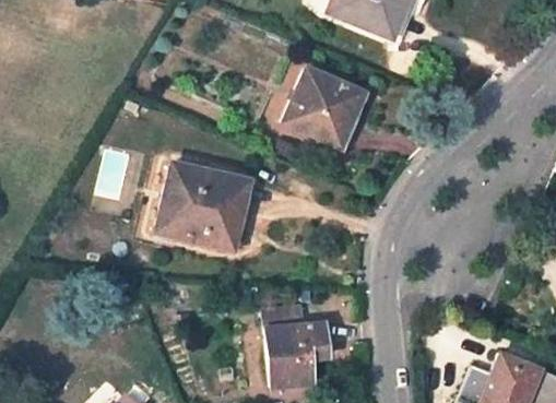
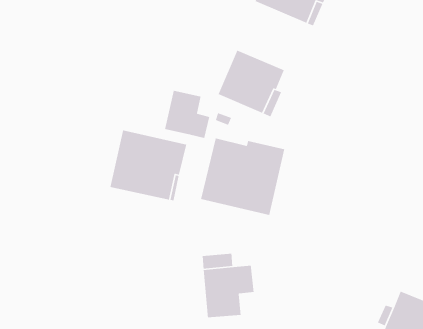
building: none -> [164,90,210,139]
building: none -> [200,138,285,216]

